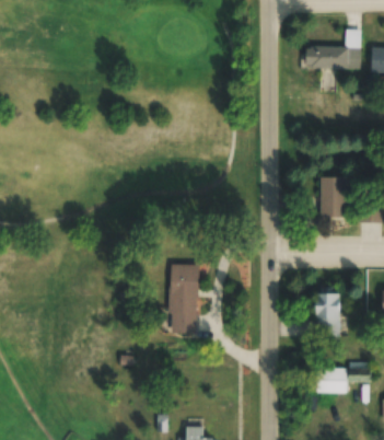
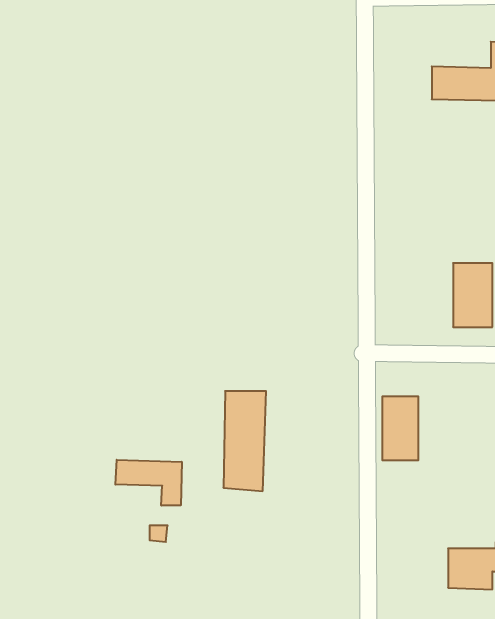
building: [316,293,340,336] -> [382,396,418,460]
building: none -> [115,460,182,506]

